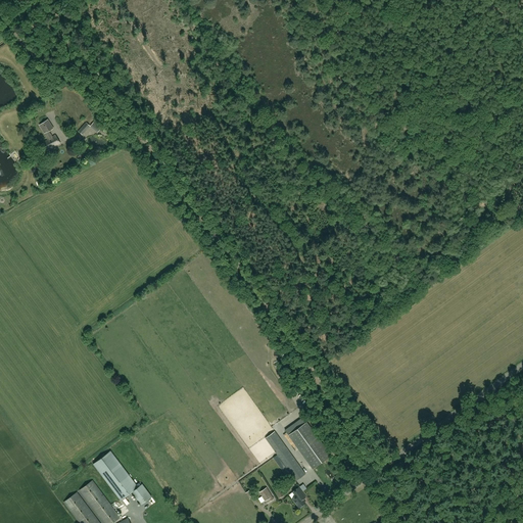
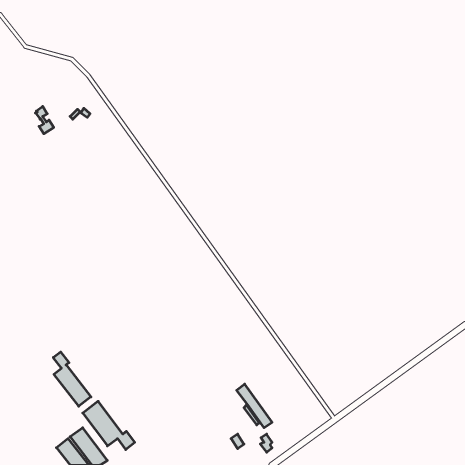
building: none -> [53,352,91,406]
building: [288,421,331,469] -> none

